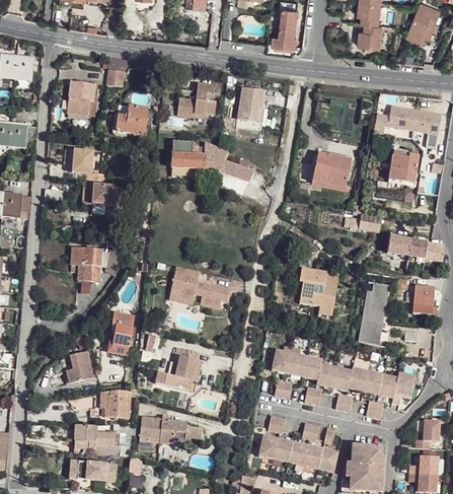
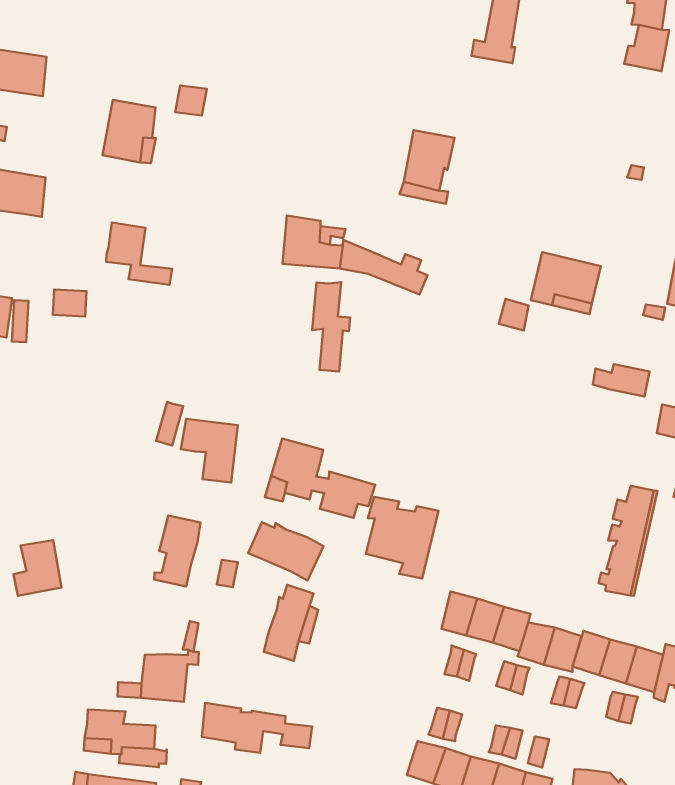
building: [176,83,219,117] -> none
building: [116,105,147,134] -> none
building: none -> [312,282,350,371]
building: [82,181,115,205] -> none
building: [70,246,101,281] -> [181,419,238,482]
building: [299,269,338,313] -> [366,497,438,579]
building: none -> [248,522,323,581]
building: [66,350,93,382] -> [14,540,62,596]

